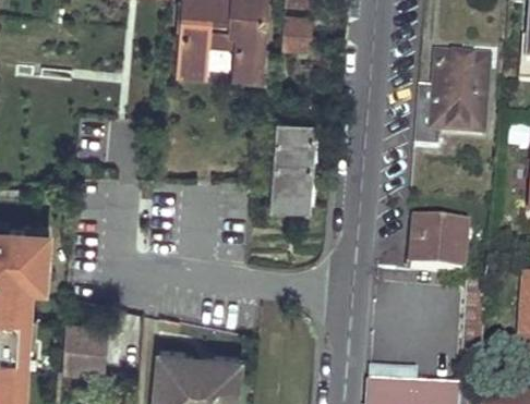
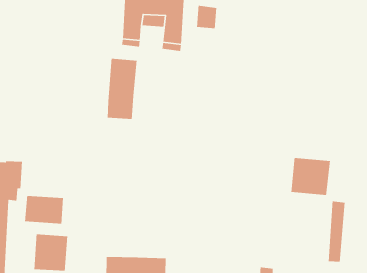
building: [413,56,486,148] -> none
building: [270,120,312,204] -> [107,58,137,120]
building: none -> [24,195,64,224]

